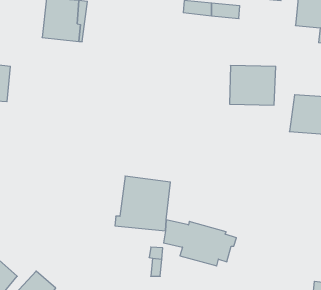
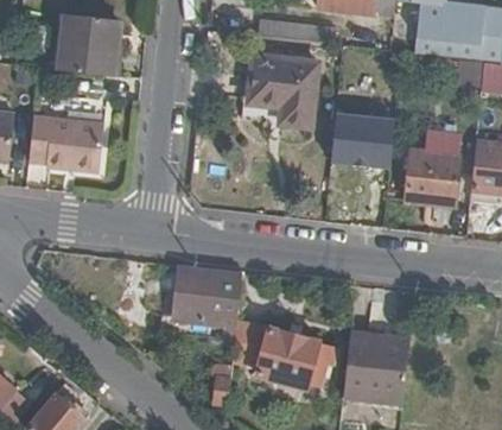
building: none -> [242,53,319,127]
building: none -> [32,118,106,167]
building: none -> [343,331,409,401]

